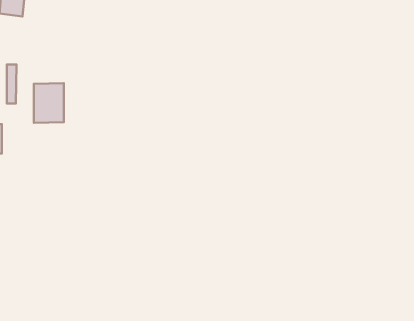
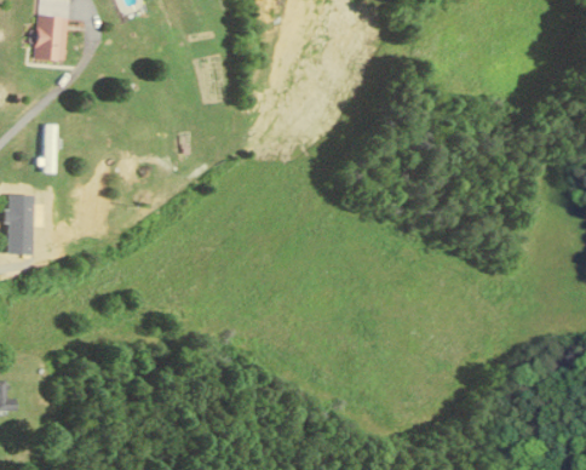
building: [34,83,64,123] -> none

